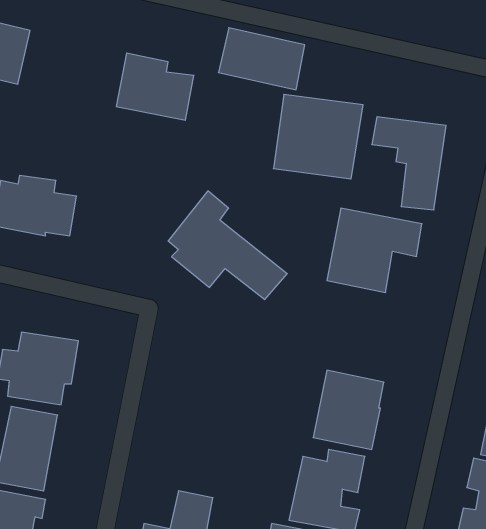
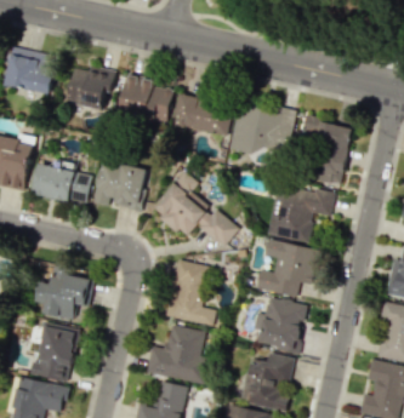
building: [218,28,305,90] -> [172,93,233,137]
building: none -> [67,65,116,110]
building: none -> [92,161,148,212]
building: none -> [255,240,318,297]
building: none -> [166,260,215,325]
building: none -> [146,325,207,384]

